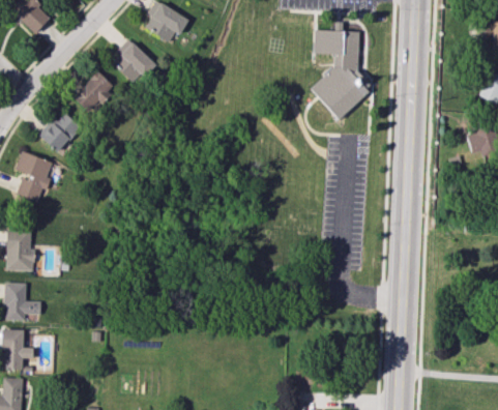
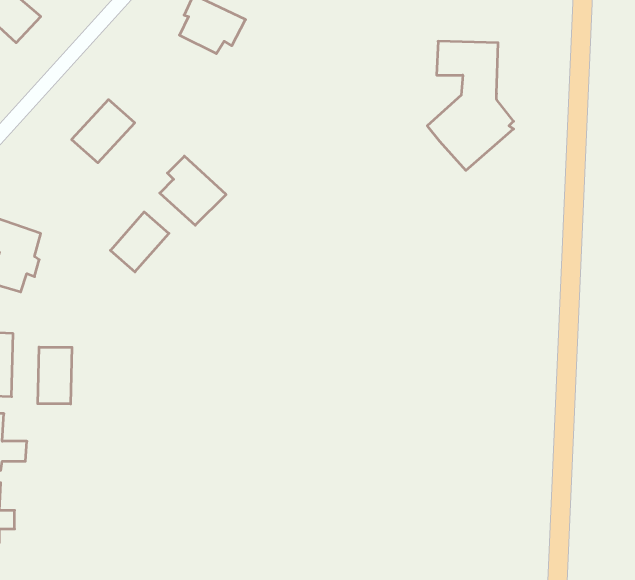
building: [112,38,156,85] -> [160,156,226,225]
building: [41,112,81,152] -> [110,212,169,272]
building: none -> [38,347,72,404]

